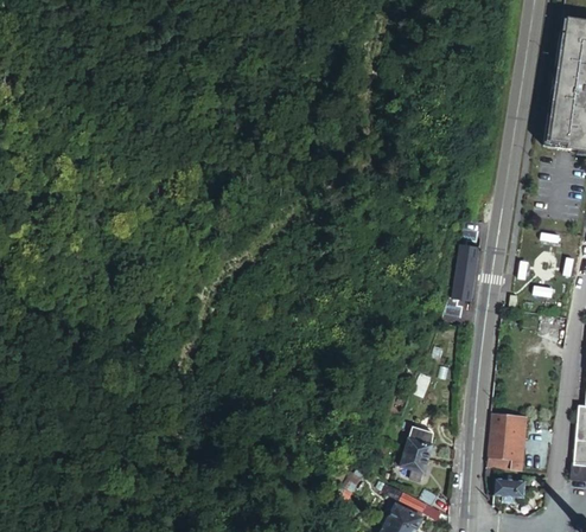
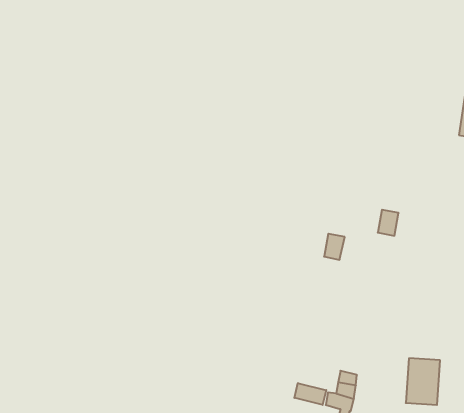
building: [450,270,473,300] -> [324,234,345,260]
building: none -> [294,383,326,405]

